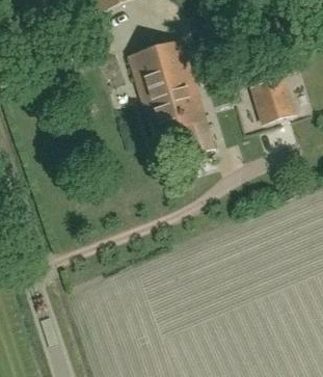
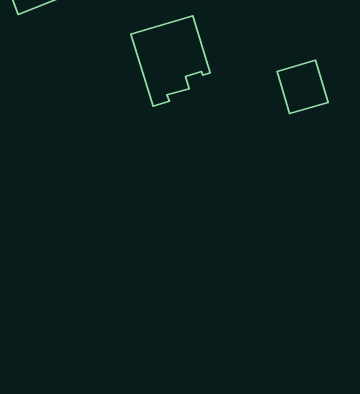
building: [147,85,214,153] -> none

